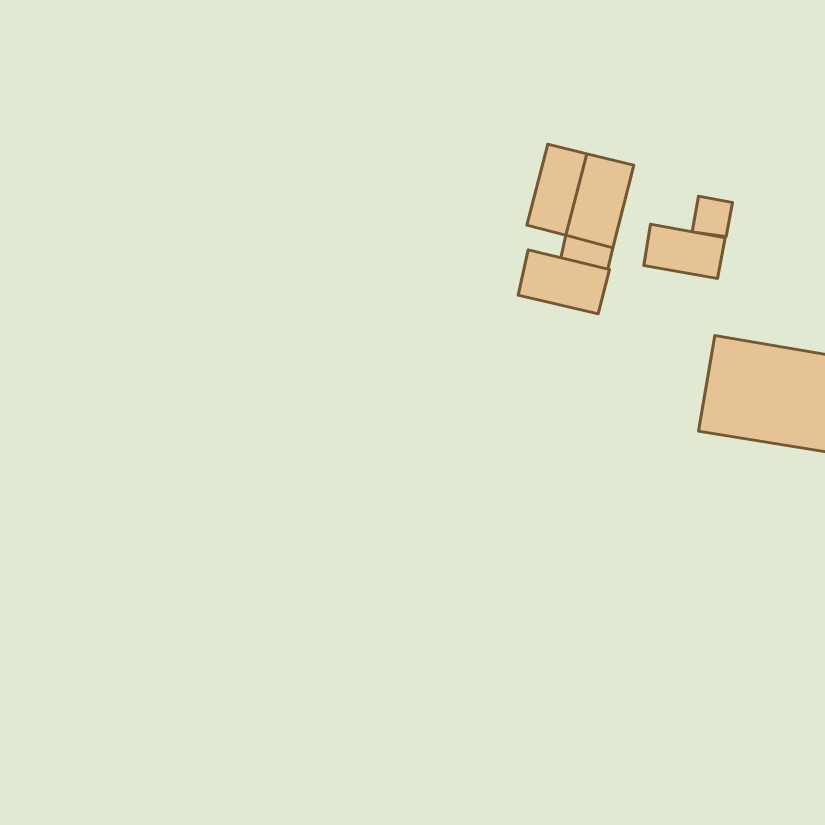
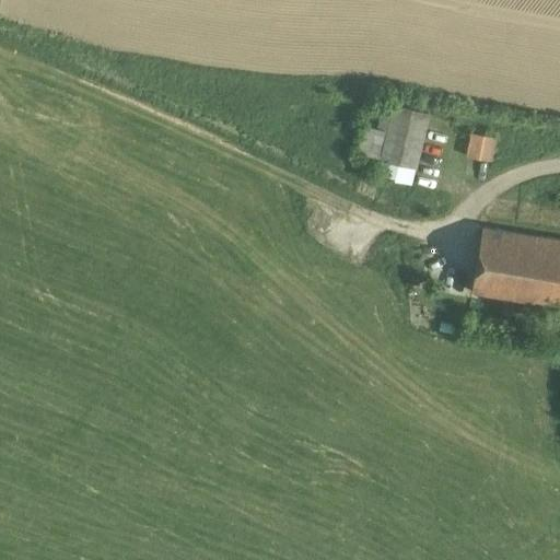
building: [644,224,725,279] -> none
building: [518,250,610,314] -> none

